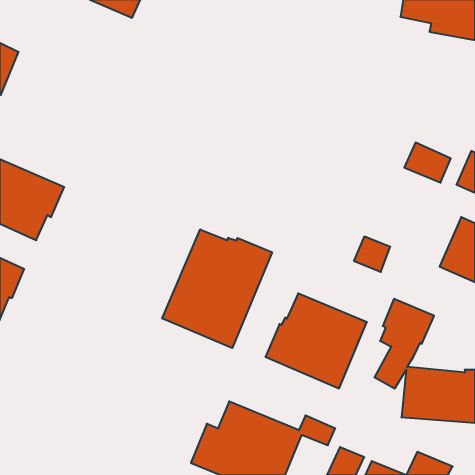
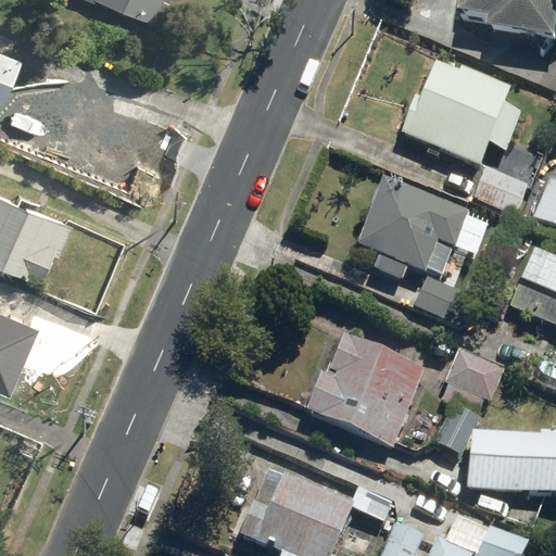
building: none -> [403,60,523,161]
building: none -> [356,177,468,276]
building: [162,229,272,348] -> none

